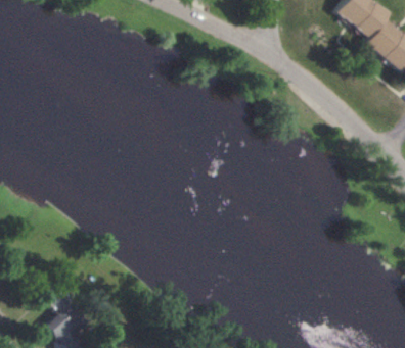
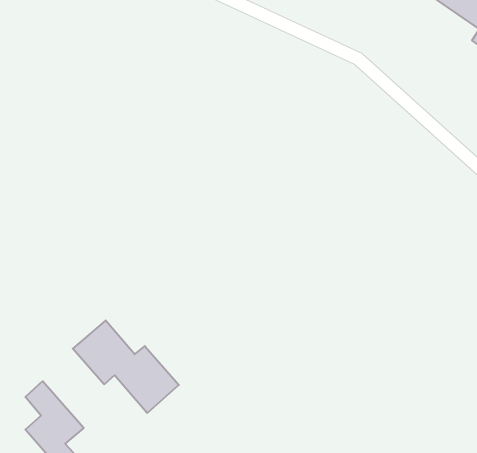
building: none -> [73,320,179,413]

